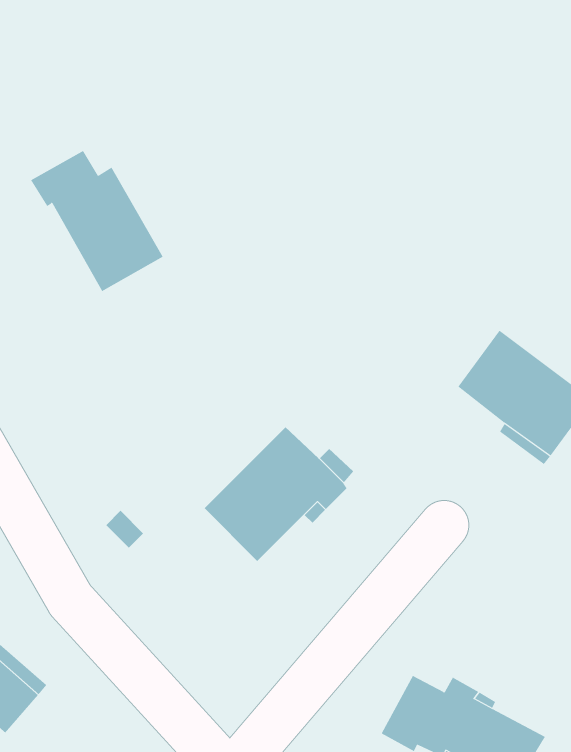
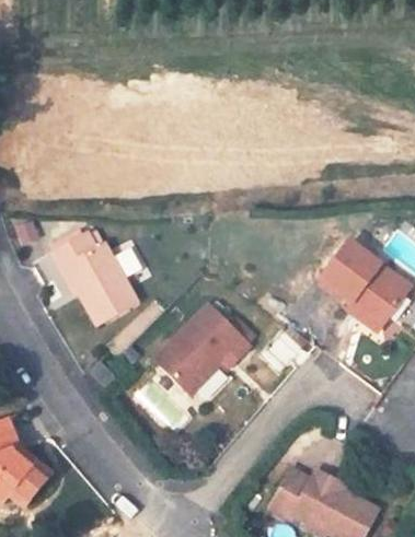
building: [30,150,164,292] -> [50,232,138,325]

